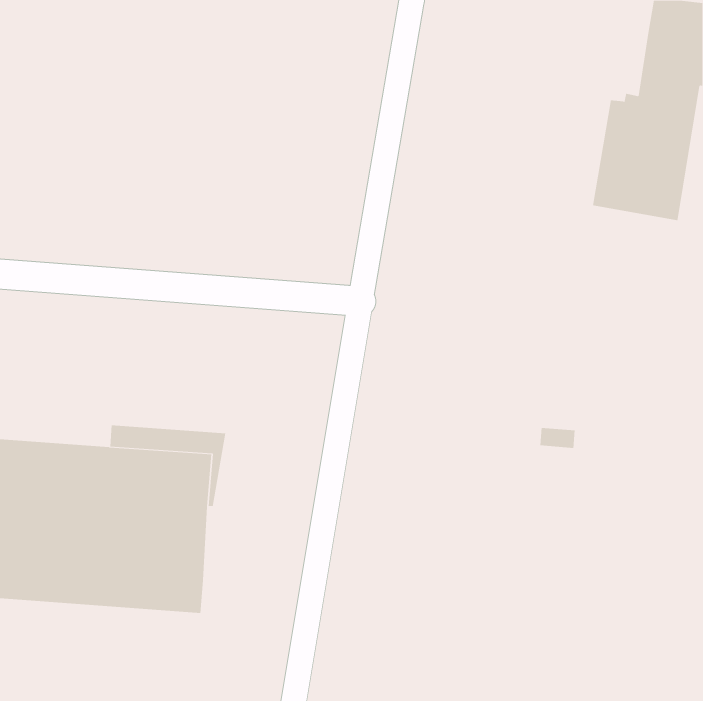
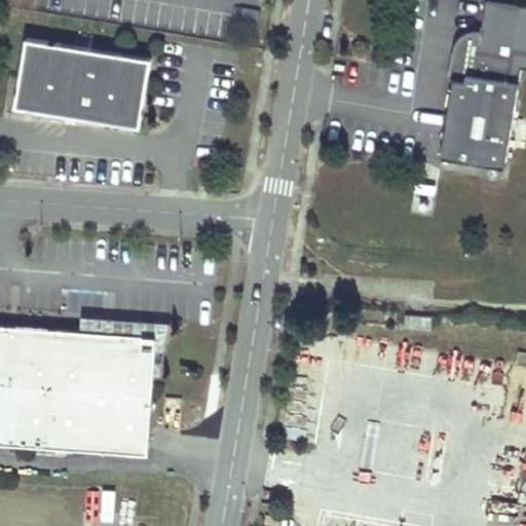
building: none -> [447,31,480,81]
building: none -> [13,36,150,126]

